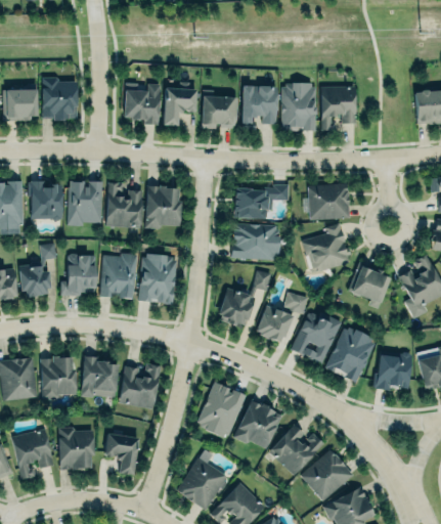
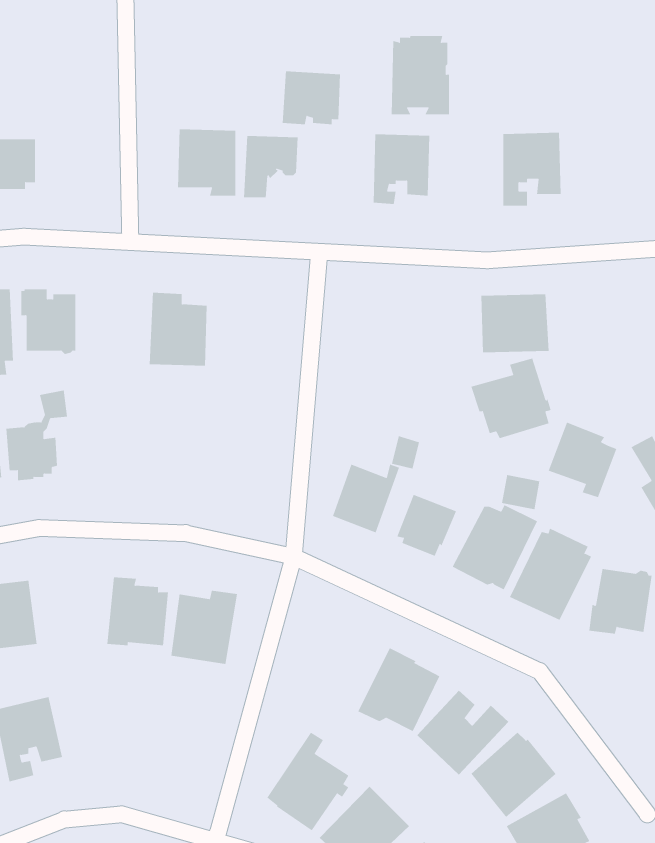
building: [41,79,77,119] -> none
building: [280,82,316,130] -> [391,36,450,115]
building: [202,95,237,128] -> [282,71,341,125]
building: [68,180,102,224] -> none
building: [144,184,182,228] -> none
building: [233,184,288,218] -> none
building: [231,222,279,259] -> none
building: [99,253,136,299] -> none
building: [138,253,176,304] -> none
building: [60,254,95,295] -> none
building: [283,292,307,313] -> [501,475,540,510]
building: [41,355,77,399] -> none
building: [195,382,245,438] -> none
building: [58,426,94,470] -> none
building: [104,433,139,475] -> none

